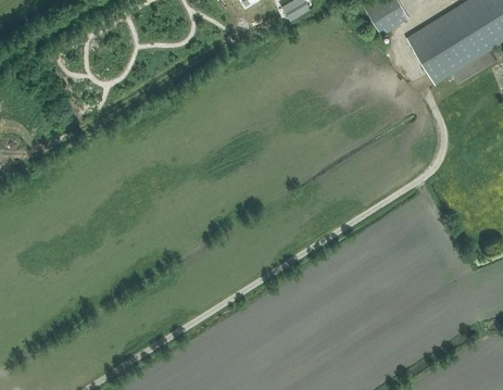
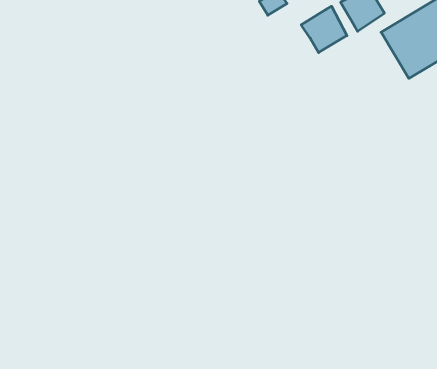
building: none -> [301,6,347,53]

